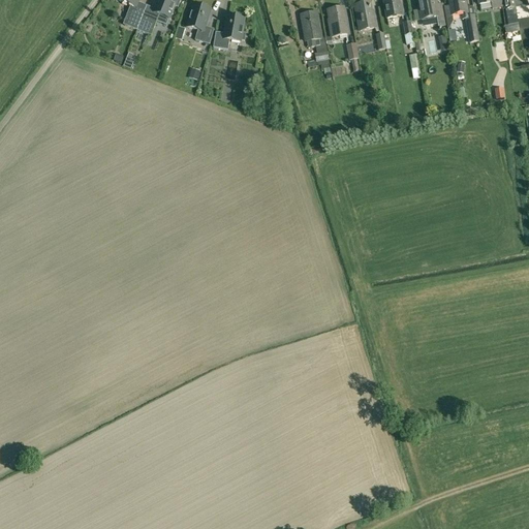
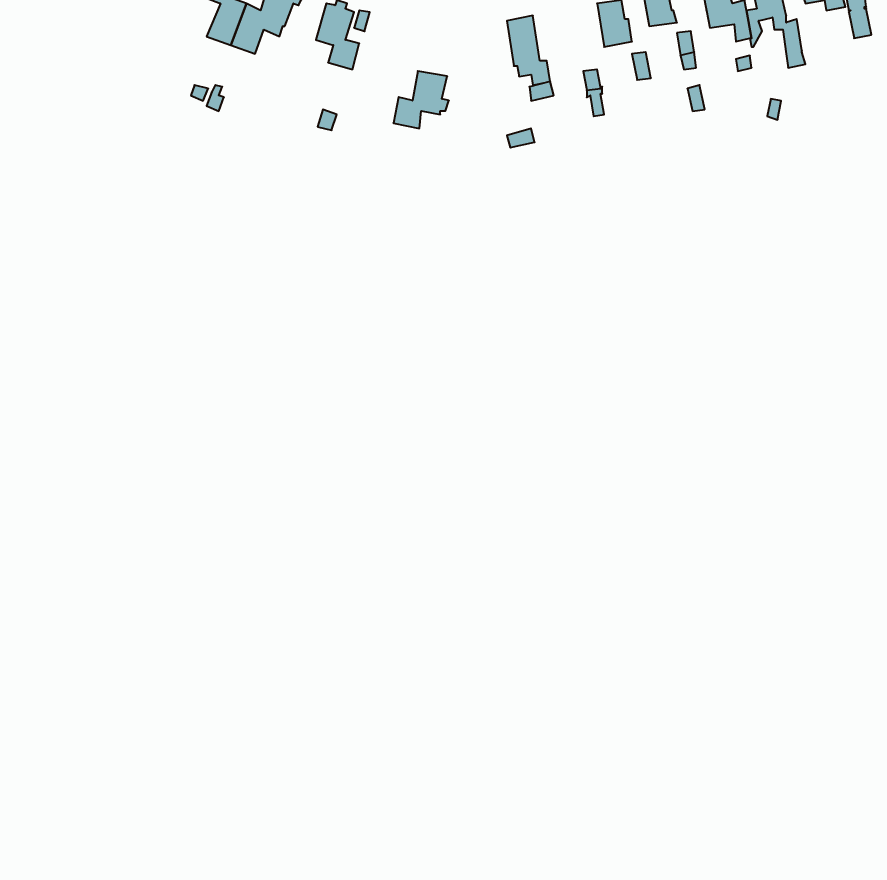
building: [329,4,348,34] -> none
building: [213,13,246,48] -> [393,71,449,128]

